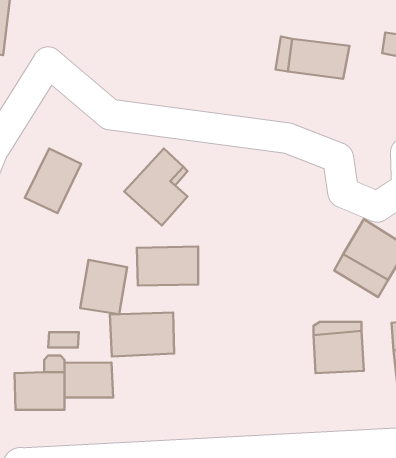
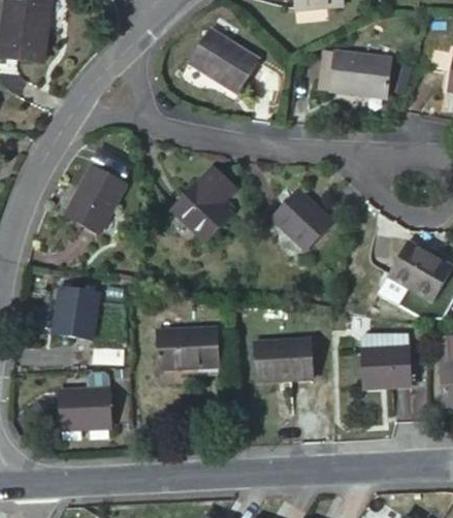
building: none -> [191,34,258,95]
building: none -> [271,186,333,249]
building: [137,247,198,286] -> [254,343,316,382]
building: [80,260,127,314] -> [50,286,97,341]
building: [65,363,113,398] -> none

